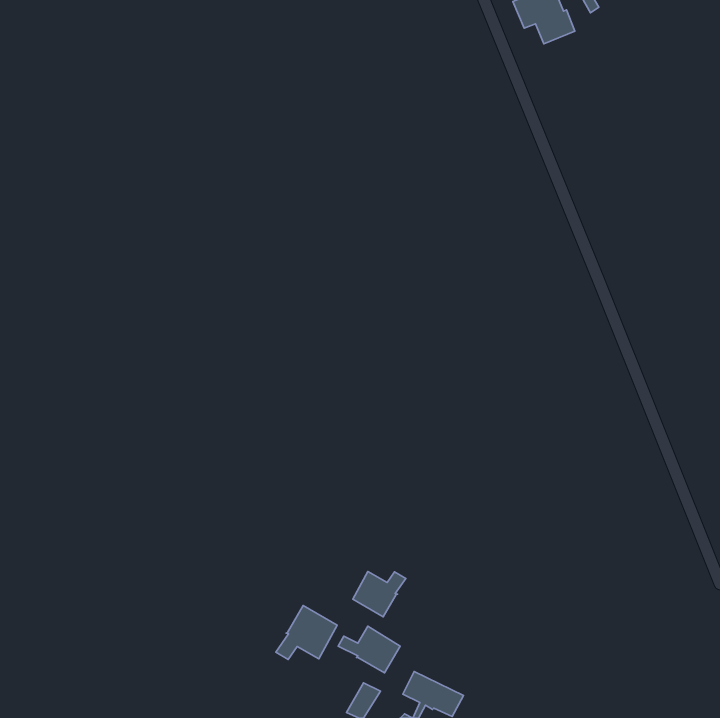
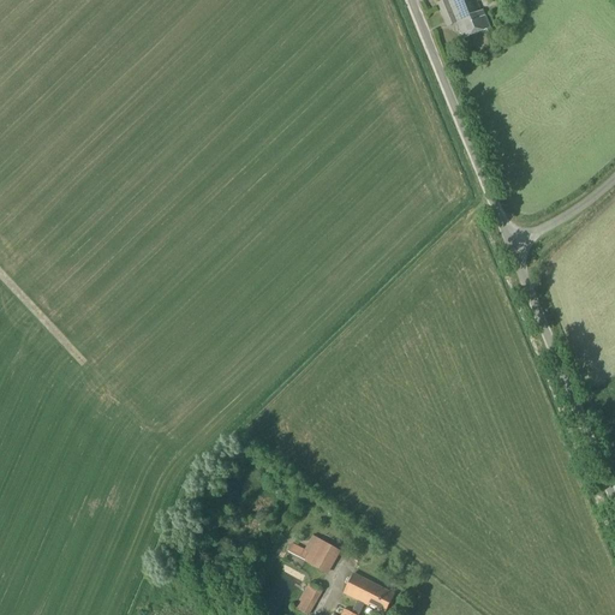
building: [353,571,406,617] -> none
building: [276,605,337,660] -> none

